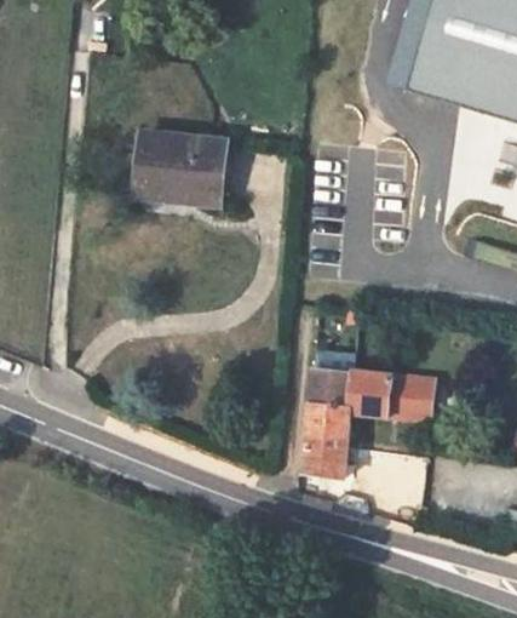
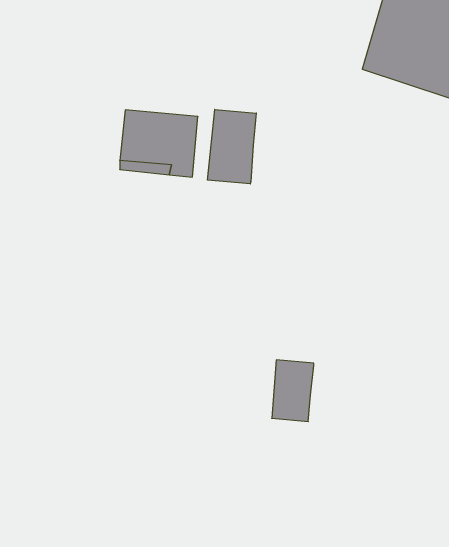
building: none -> [208,109,256,184]
building: [311,368,435,420] -> none

